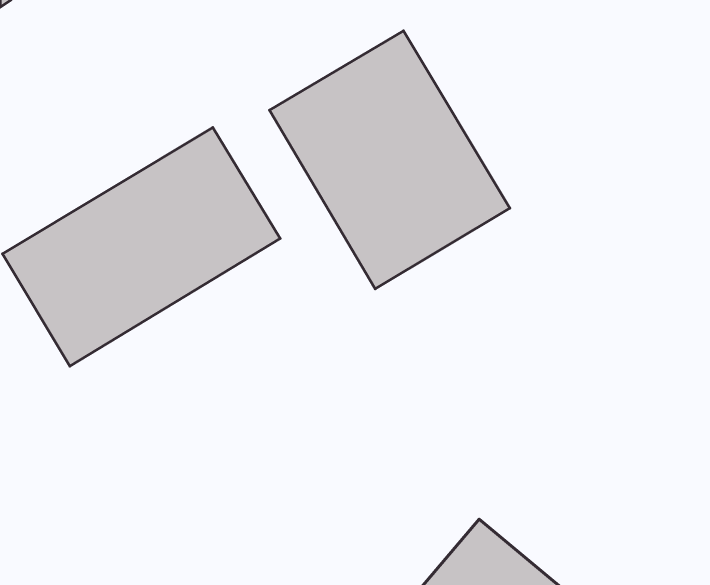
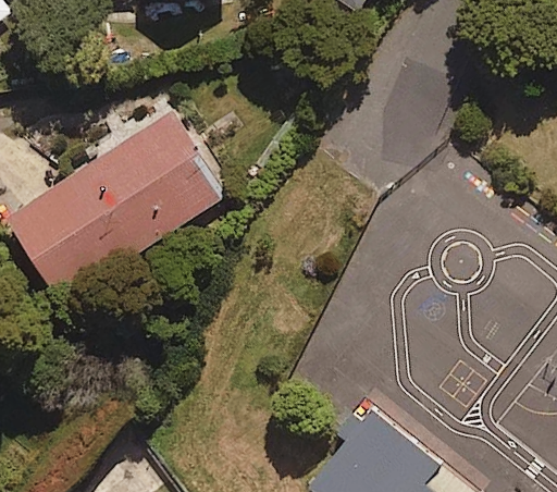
building: [270,31,510,289] -> none

